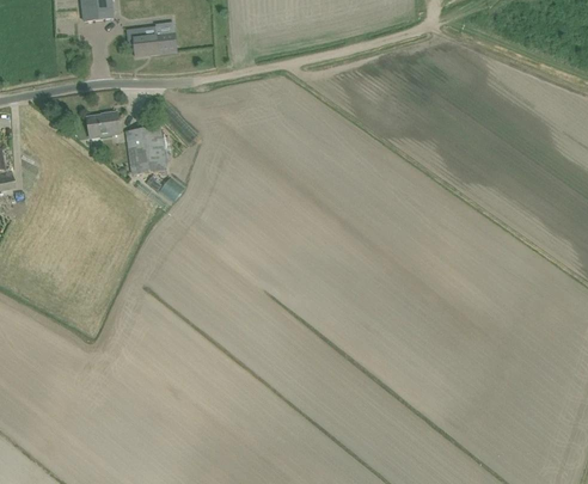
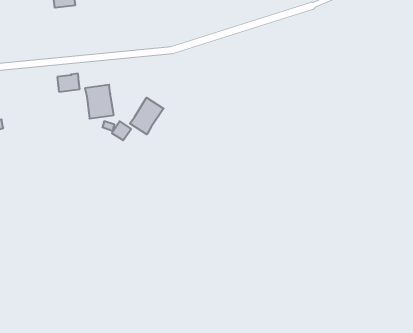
building: [127,26,174,54] -> none
building: none -> [130,98,164,134]

